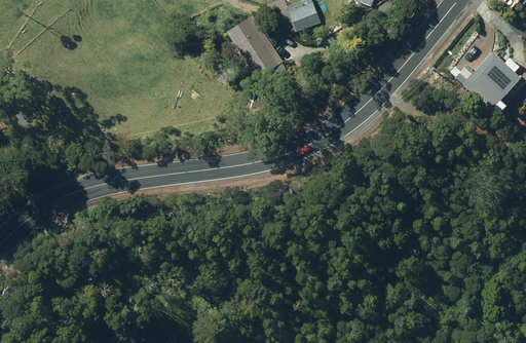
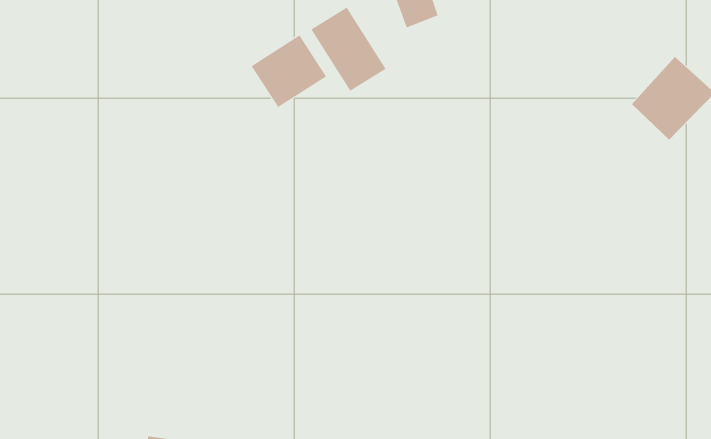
building: none -> [251,35,327,108]

